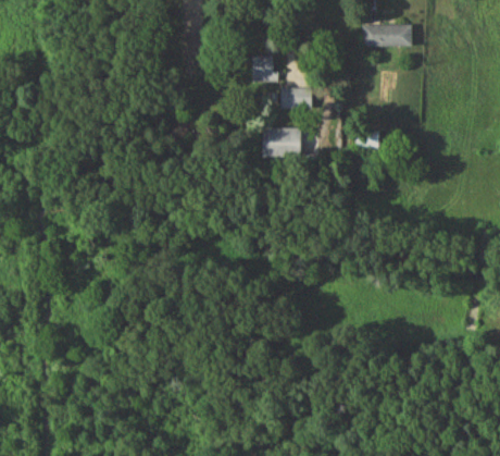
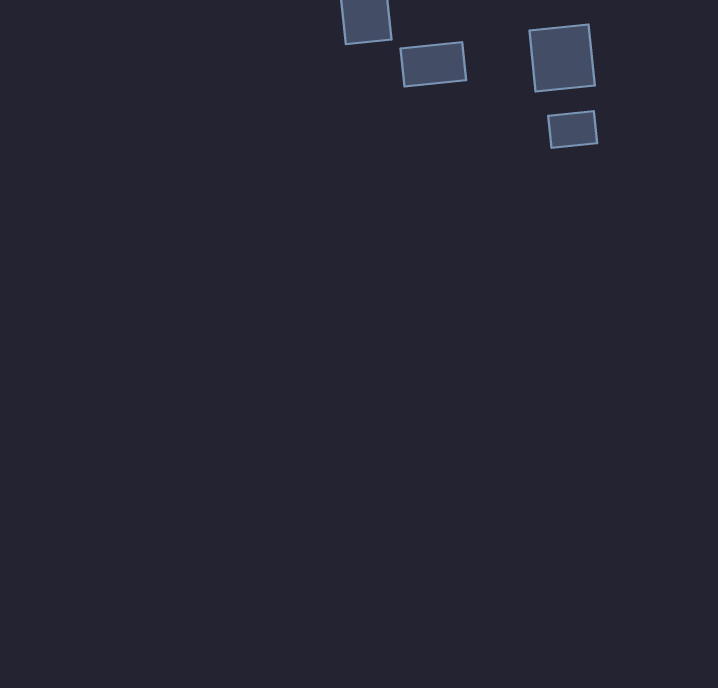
building: none -> [529,24,595,91]
building: [265,128,301,157] -> none

